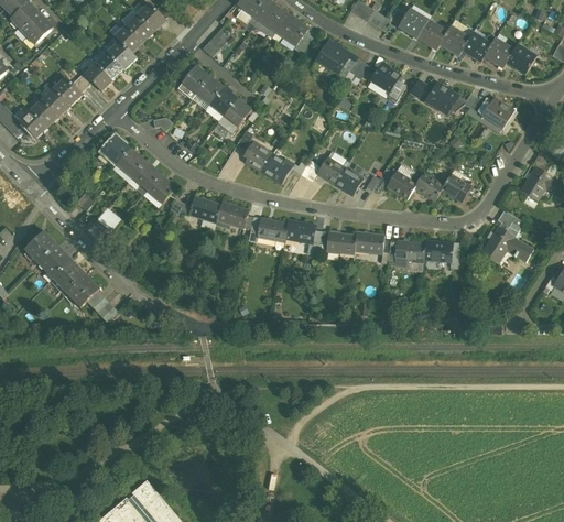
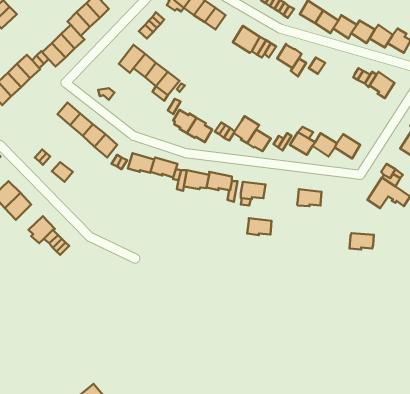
building: [425,81,457,115] -> none
building: [354,231,383,252] -> [247,218,271,235]
building: [423,240,453,260] -> [350,233,374,249]
building: [52,259,85,292] -> none

